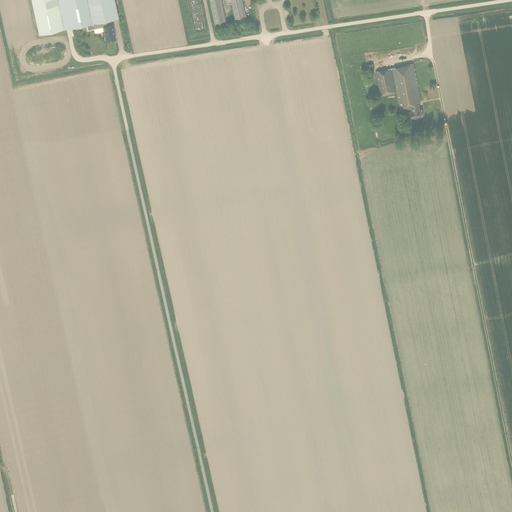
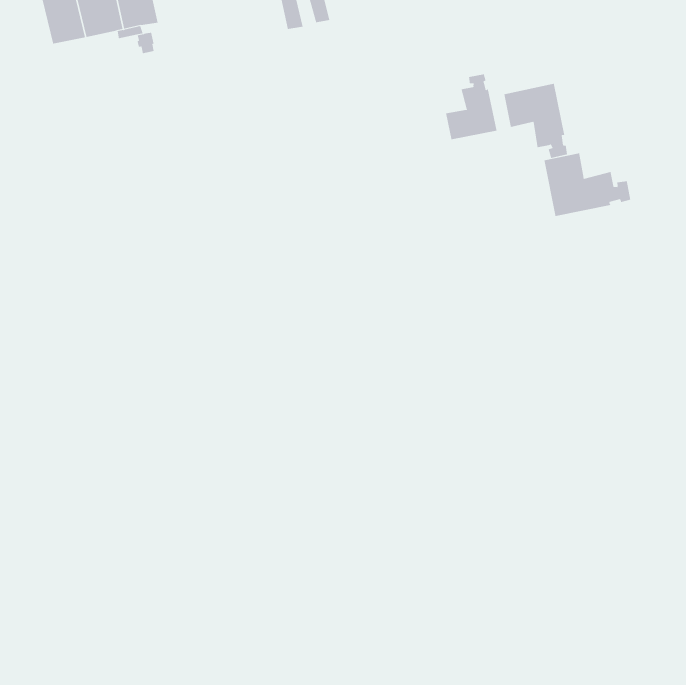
building: none -> [446,74,497,140]
building: none -> [544,152,631,217]

